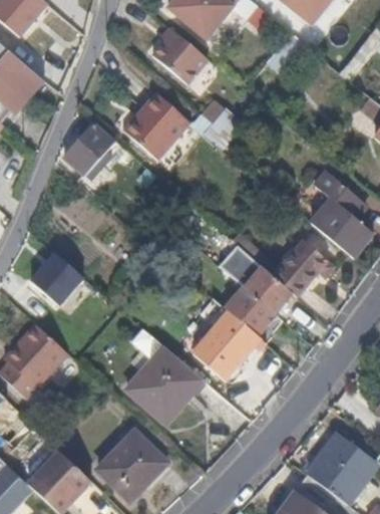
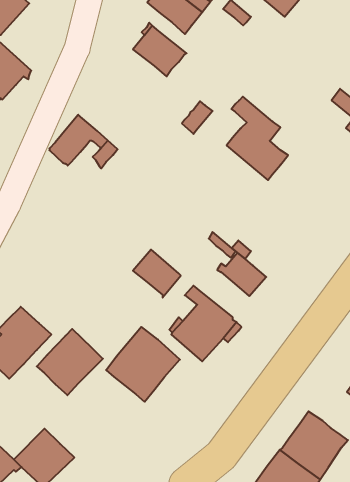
building: [124,92,186,156] -> none
building: [310,172,374,259] -> [227,97,288,180]
building: [282,242,333,288] -> none
building: [31,253,83,304] -> none
building: [226,288,276,338] -> [133,250,181,298]
building: [98,432,167,501] -> [37,329,103,395]

